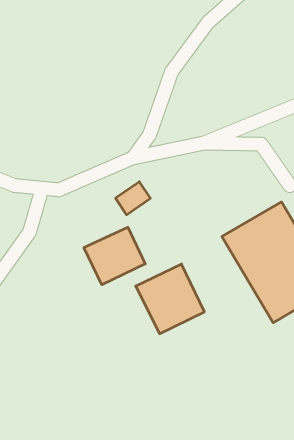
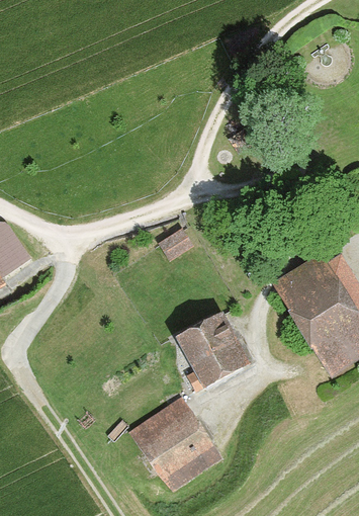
building: [84,227,145,285] -> none
building: none -> [128,395,221,492]

